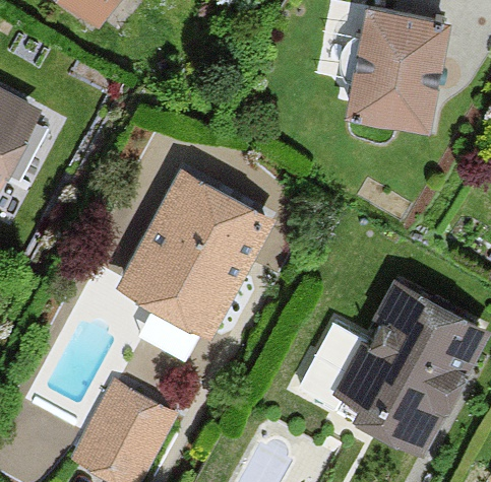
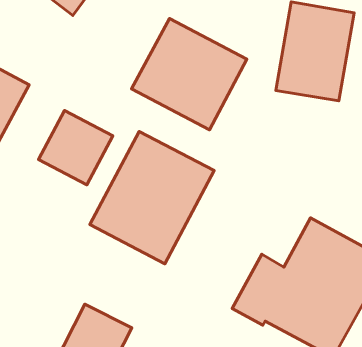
building: none -> [132,19,247,130]
building: none -> [39,111,113,185]

